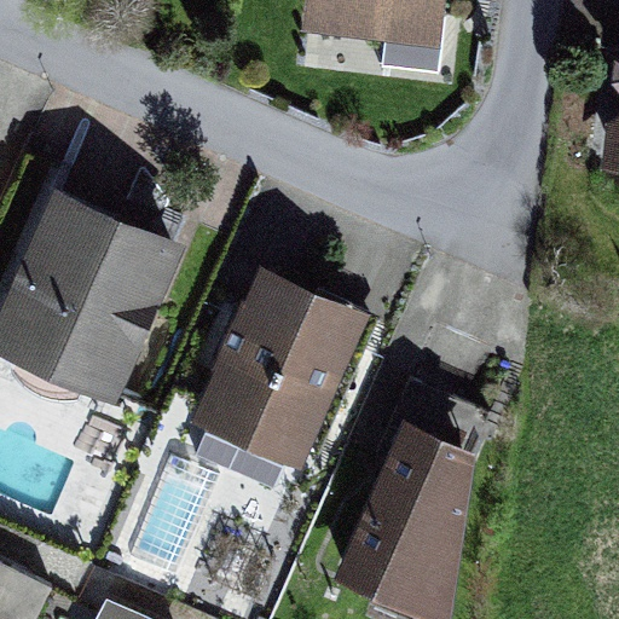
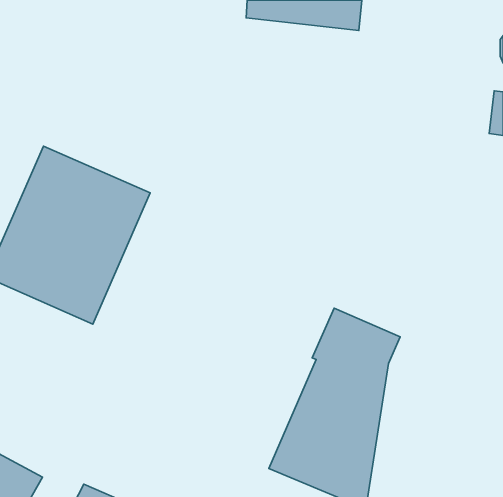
building: [190,266,369,474] -> none

